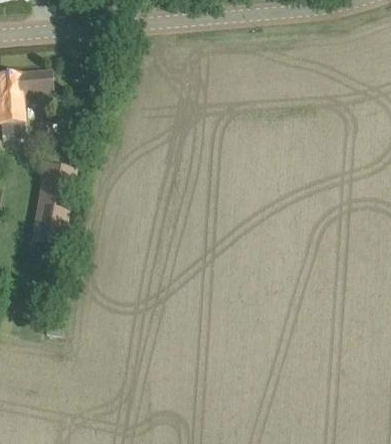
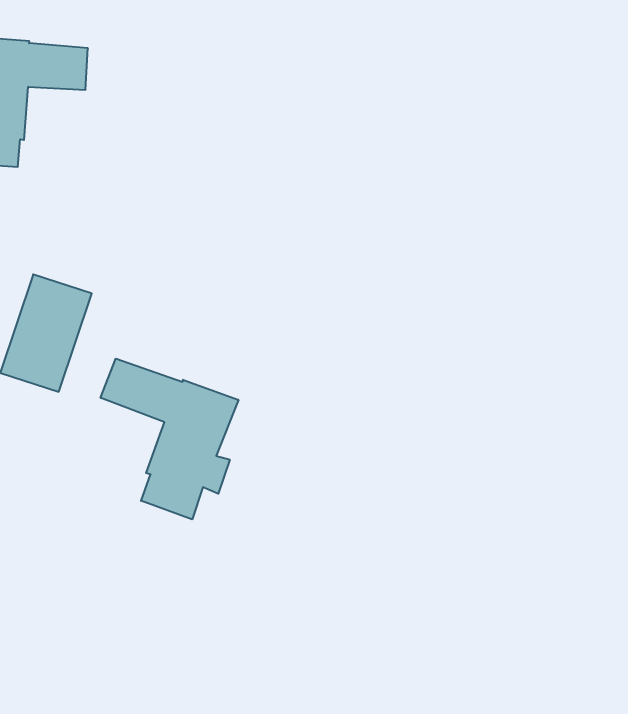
building: none -> [101,359,238,519]

